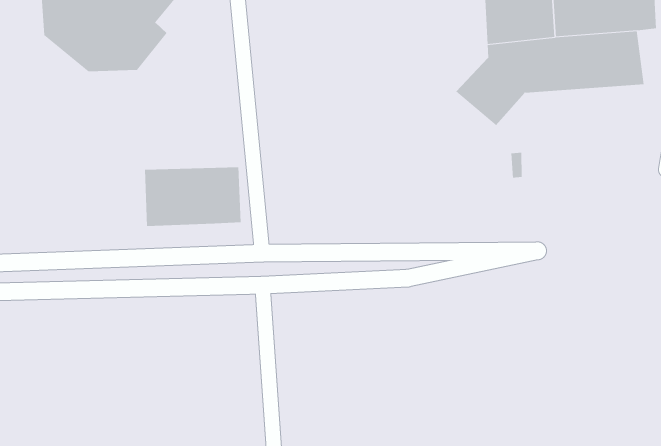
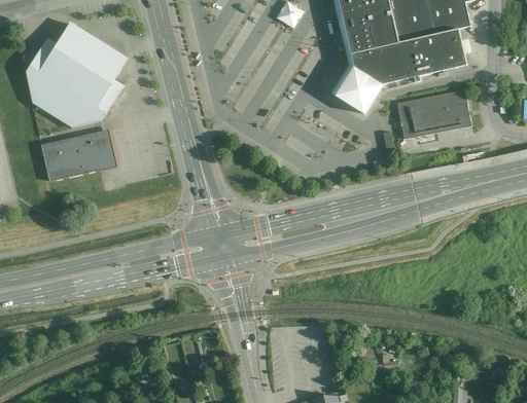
building: none -> [393,87,469,137]
building: [144,167,241,227] -> [39,124,114,178]

